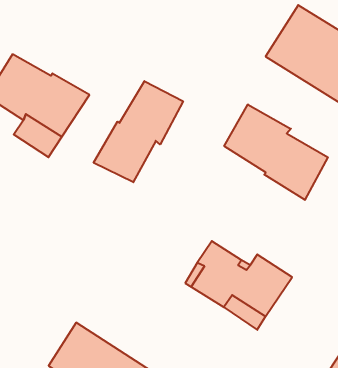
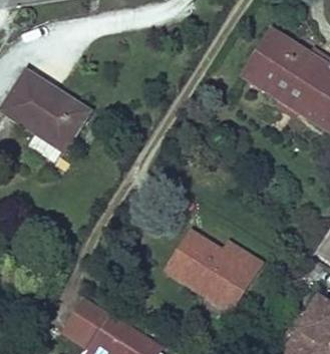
building: [94,81,183,182] -> none
building: [224,104,328,200] -> none

